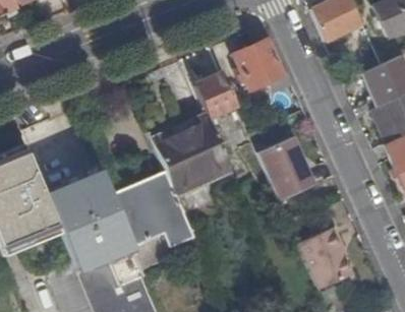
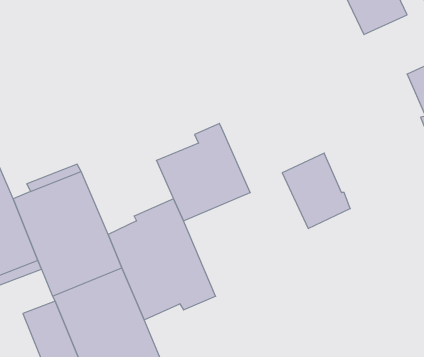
building: [232,40,281,89] -> none
building: [193,72,235,118] -> none
building: [298,228,353,290] -> none

